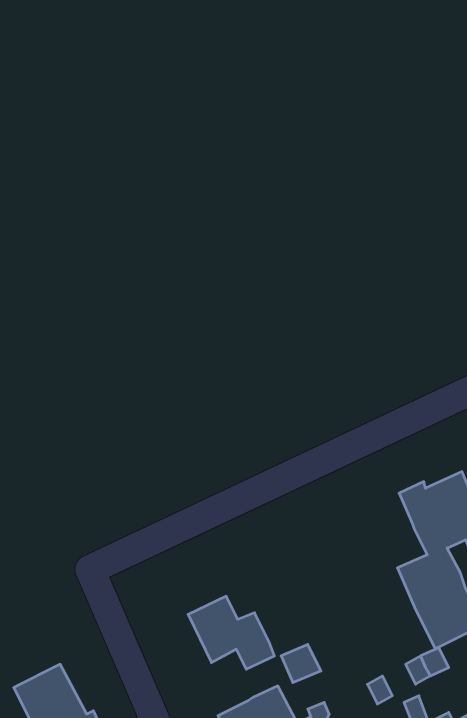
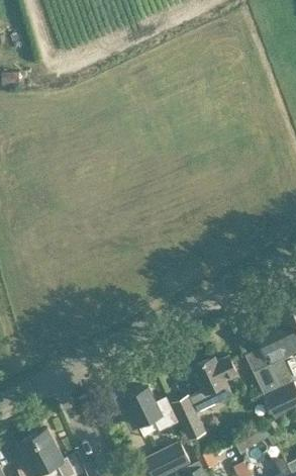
building: none -> [189,356,236,412]

